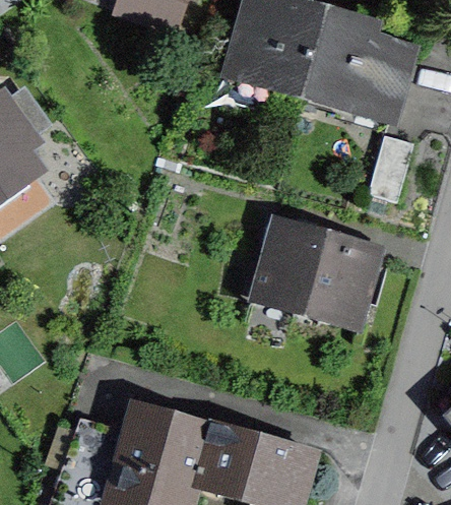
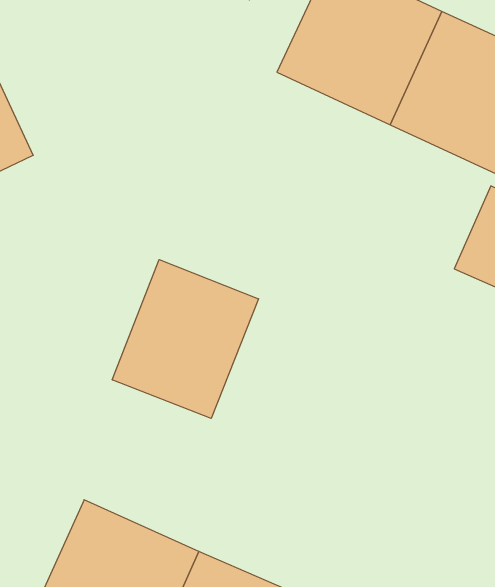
building: [251,214,382,329] -> none
building: none -> [112,260,259,418]

